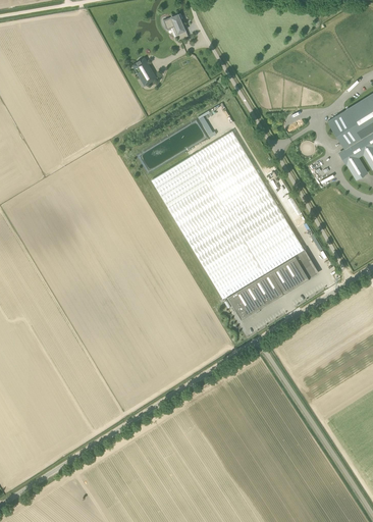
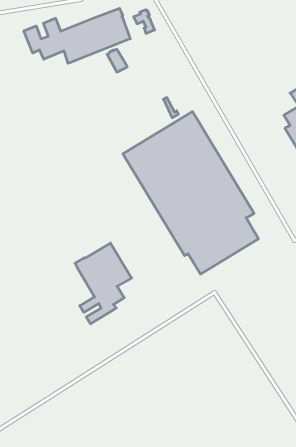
building: none -> [24,8,130,63]
building: none -> [75,243,132,324]

